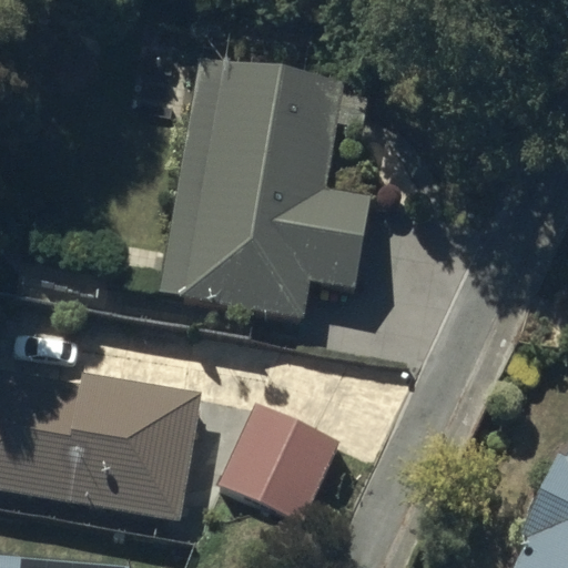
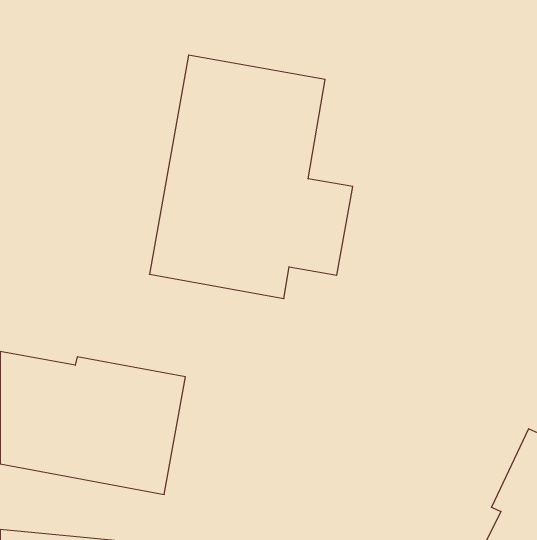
building: [223,403,341,519] -> none

